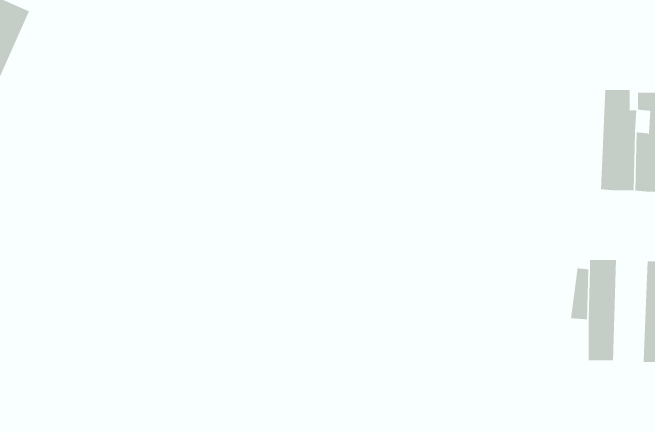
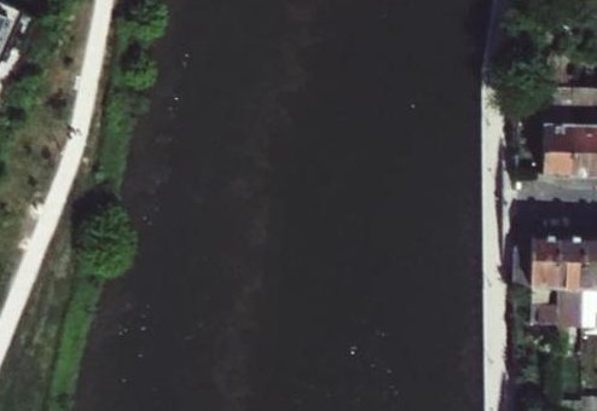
building: none -> [552,235,582,349]

